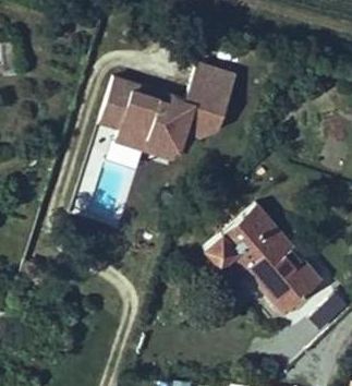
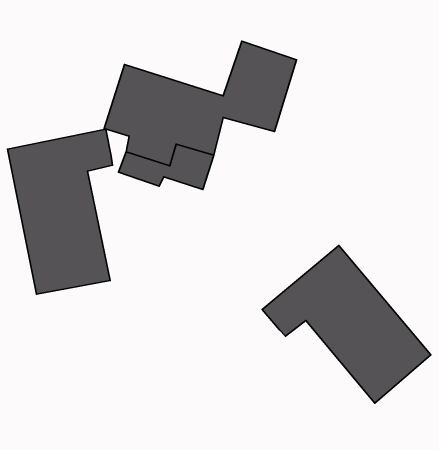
building: none -> [8,129,112,294]

